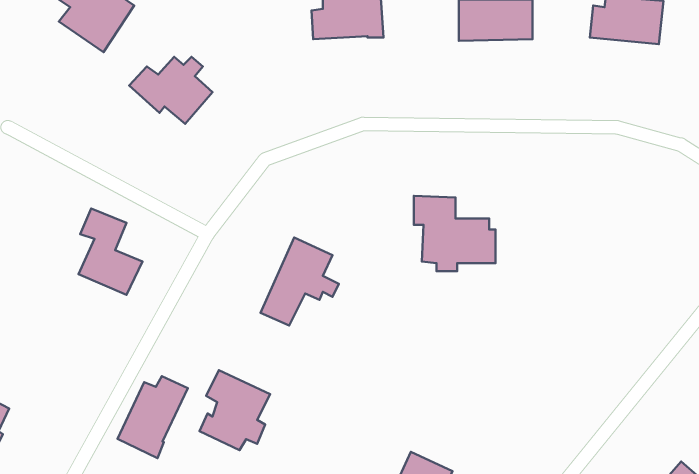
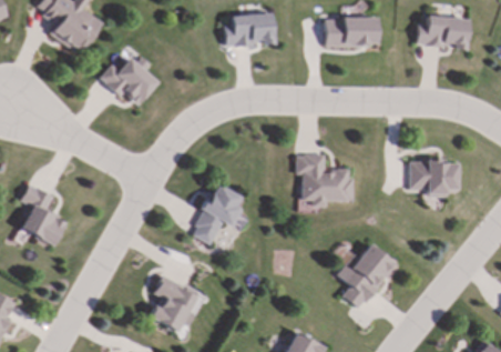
building: none -> [410,161,459,197]
building: [79,209,143,295] -> [21,184,65,244]
building: none -> [338,244,396,310]
building: [117,376,188,458] -> none

